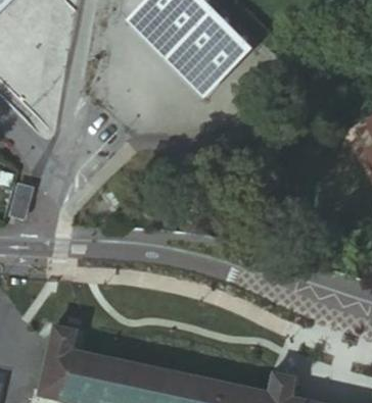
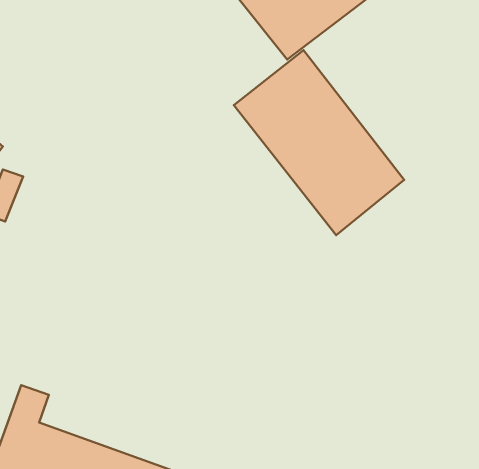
building: none -> [234,50,404,235]

